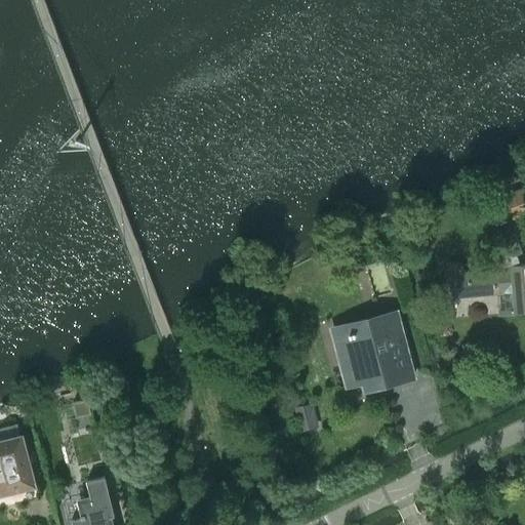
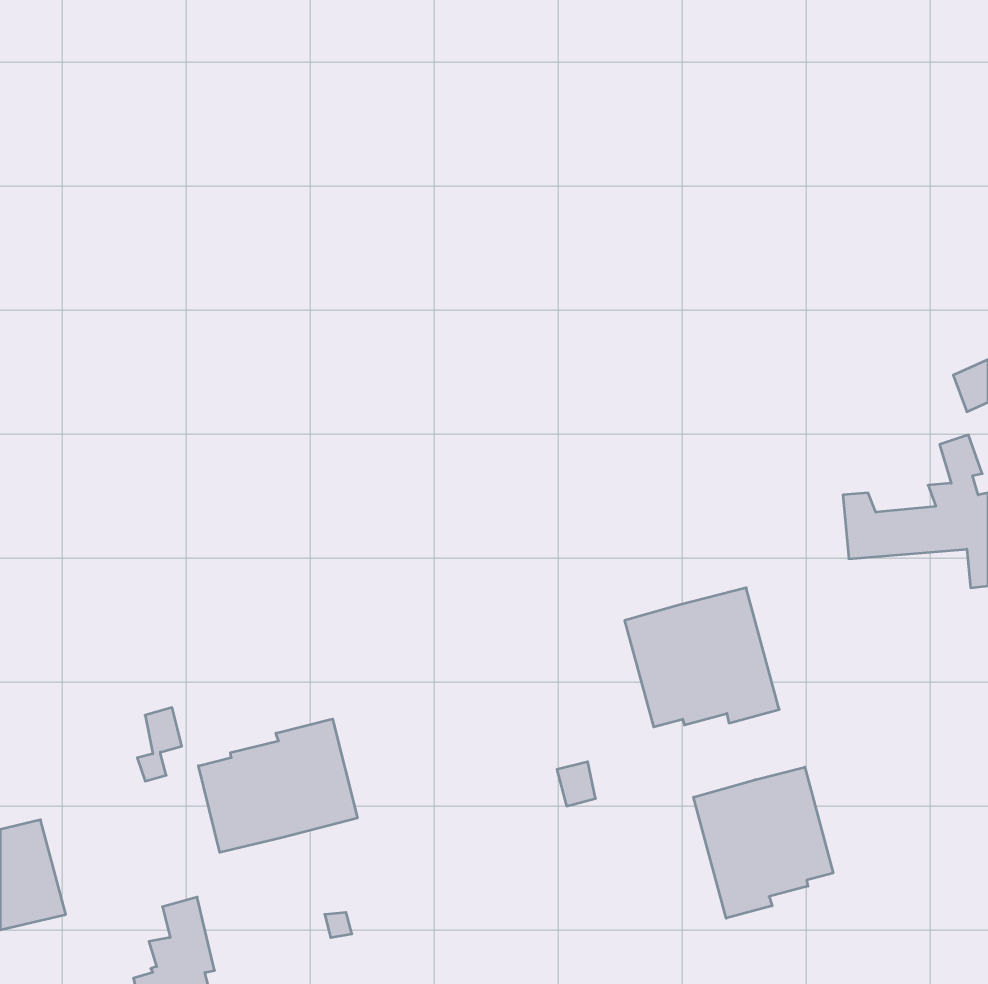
building: none -> [198,719,357,852]
building: none -> [694,767,833,918]

